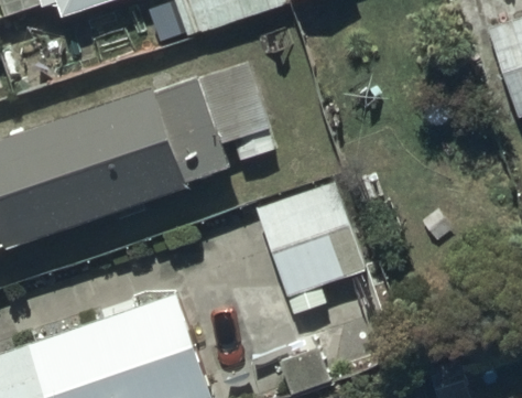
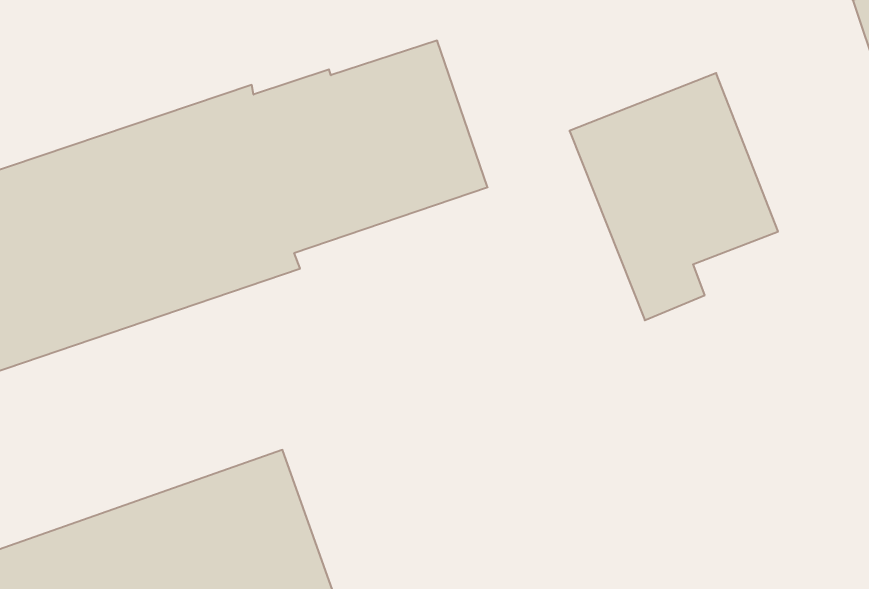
building: [249,176,368,318] -> [569,73,778,320]

